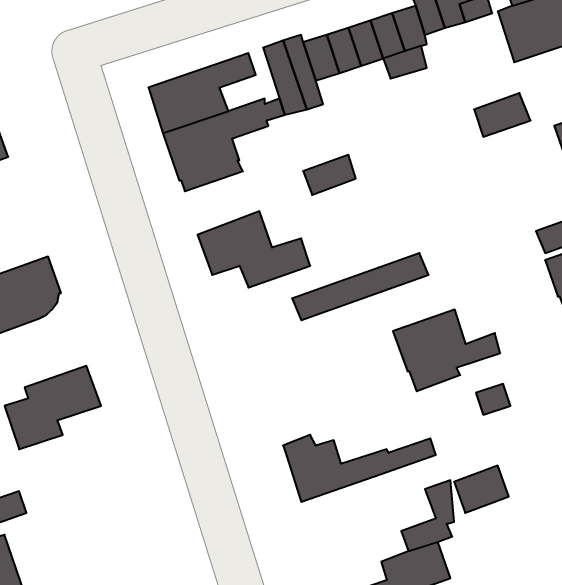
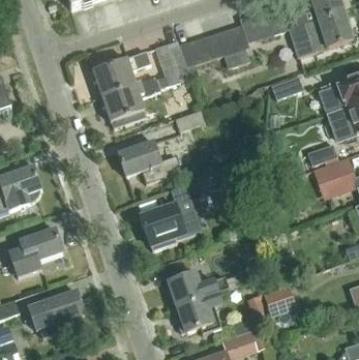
building: [393,309,500,391] -> [139,204,200,250]
building: none -> [29,291,84,337]
building: none -> [174,292,222,333]

